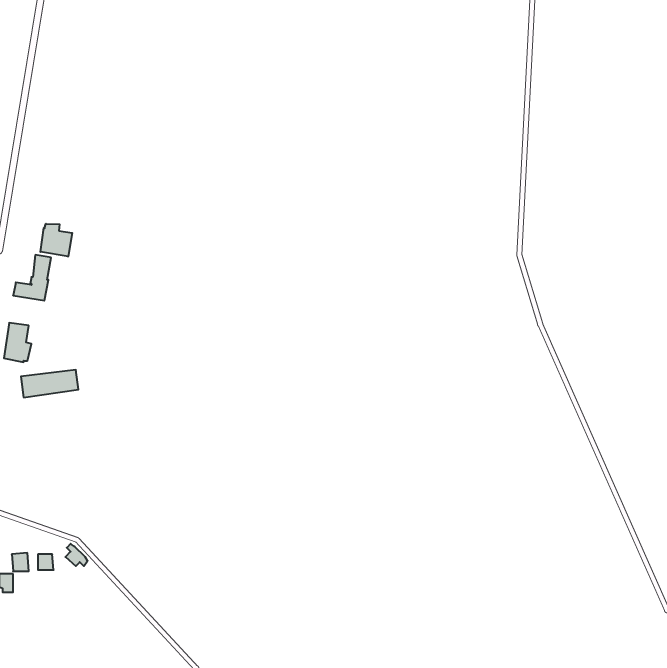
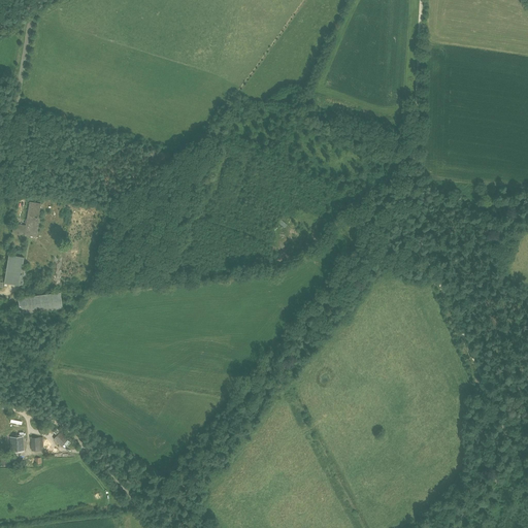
building: [40,224,72,257] -> none

